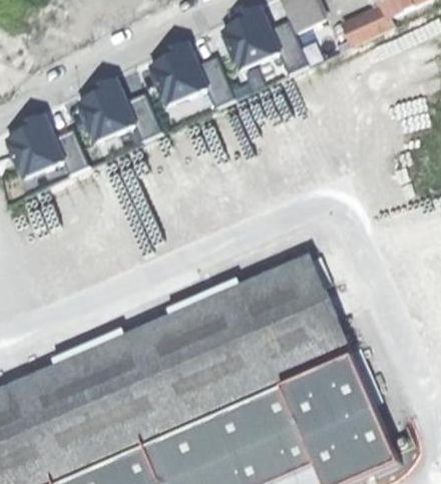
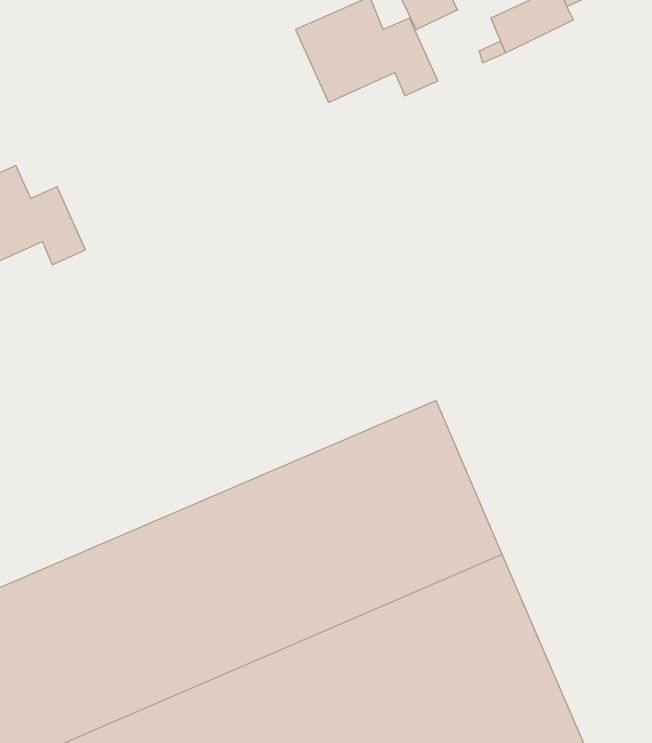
building: [149,44,236,108] -> none
building: [78,80,164,144] -> none

